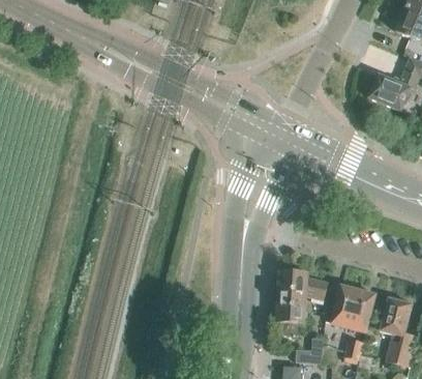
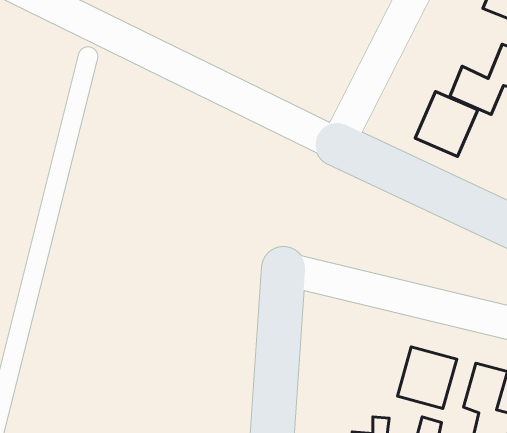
building: none -> [415,92,478,156]
building: [276,271,328,331] -> none

